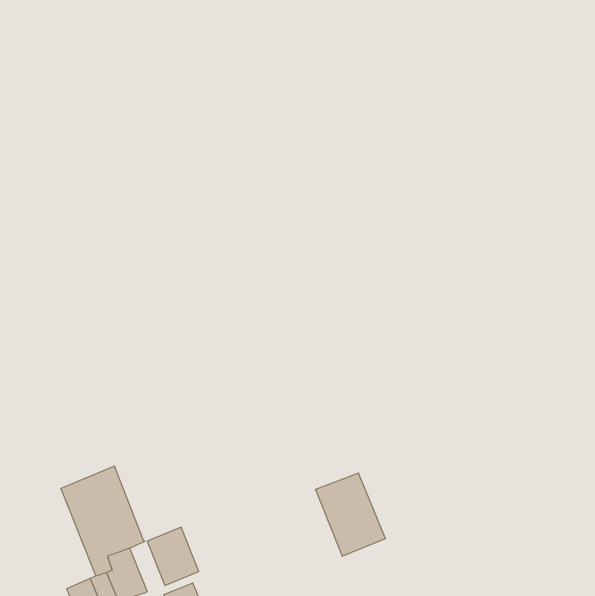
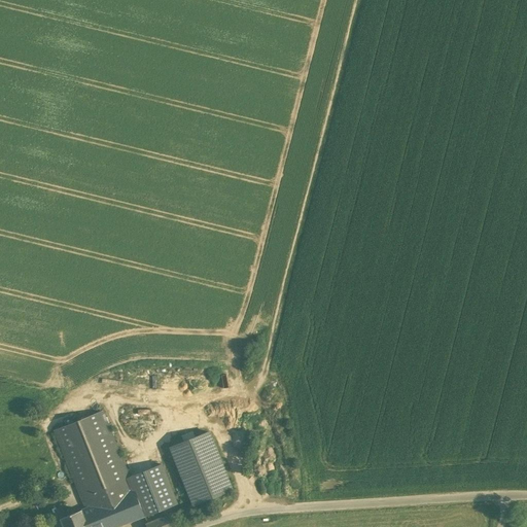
building: [315,473,386,556] -> [169,433,231,506]
building: none -> [114,478,143,522]

